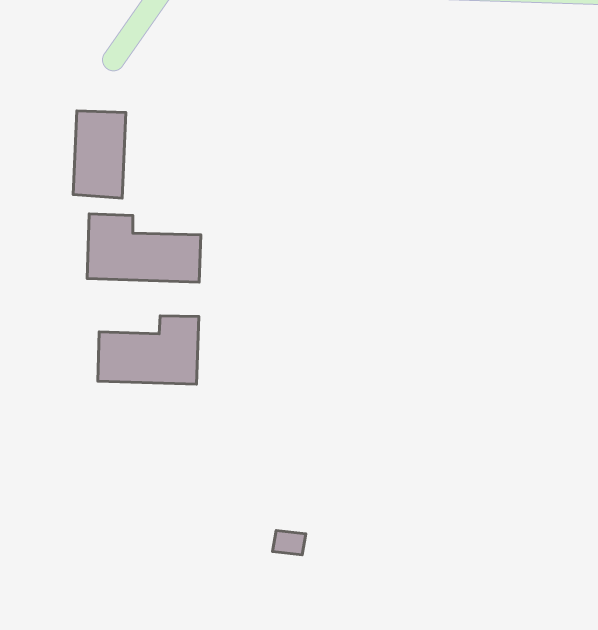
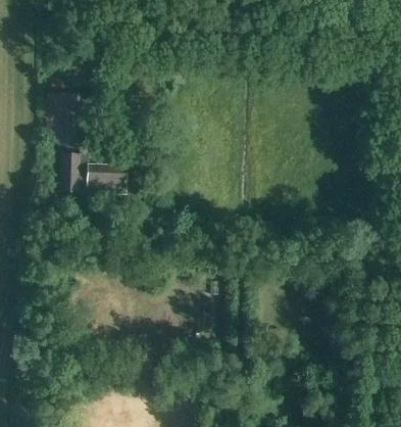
building: [98,316,199,384] -> none

